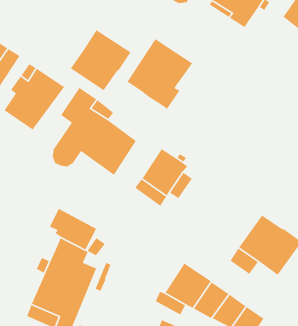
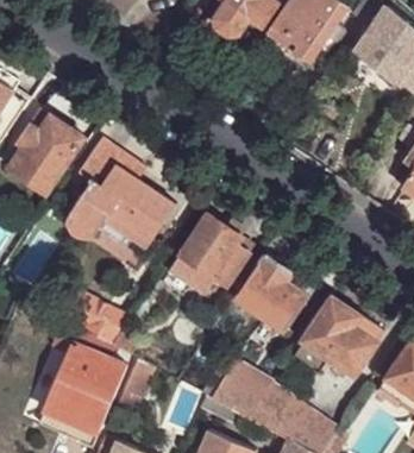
building: [70,29,131,91] -> none
building: [127,38,193,110] -> none
building: none -> [239,254,309,331]

